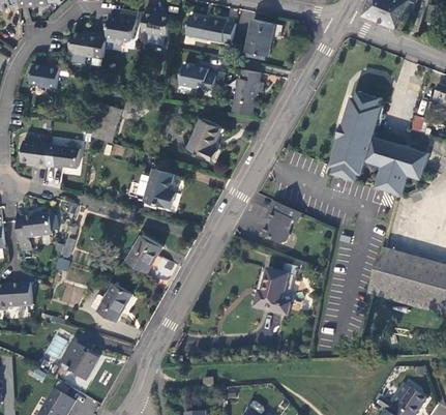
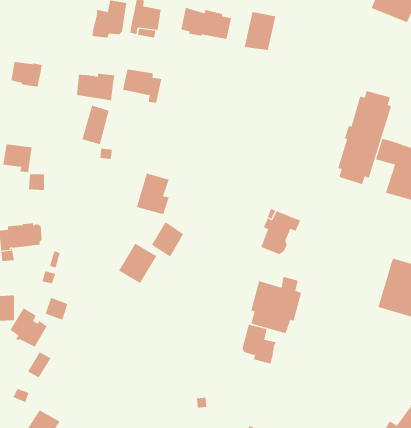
building: [68,31,105,57] -> [76,73,115,101]
building: [179,63,216,95] -> [122,69,162,103]
building: [232,69,263,117] -> none
building: [189,115,224,158] -> none
building: [46,144,80,167] -> none
building: none -> [151,221,184,257]
building: [100,283,133,320] -> none
building: none -> [242,324,277,365]
building: [63,339,98,377] -> [10,308,47,348]

